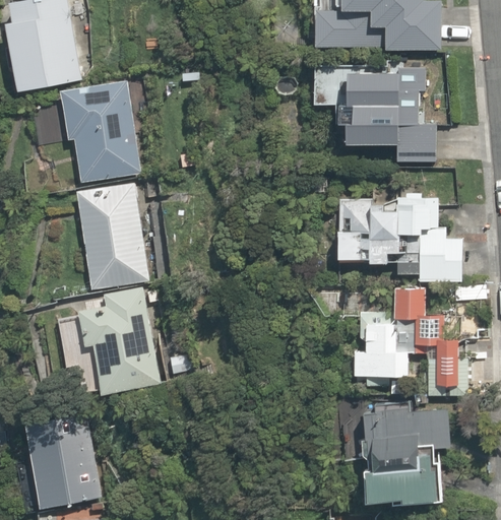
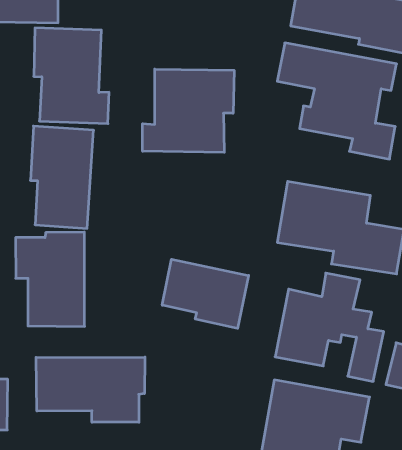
building: none -> [143,69,234,152]
building: none -> [162,259,249,328]
building: none -> [36,357,145,422]

